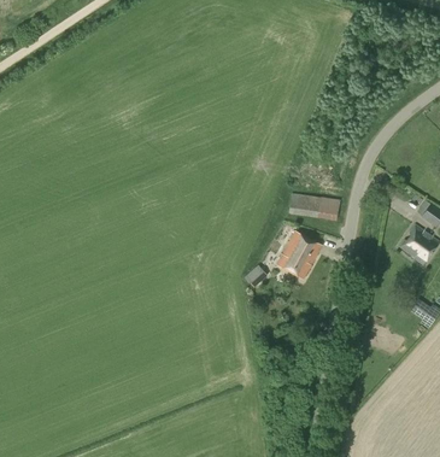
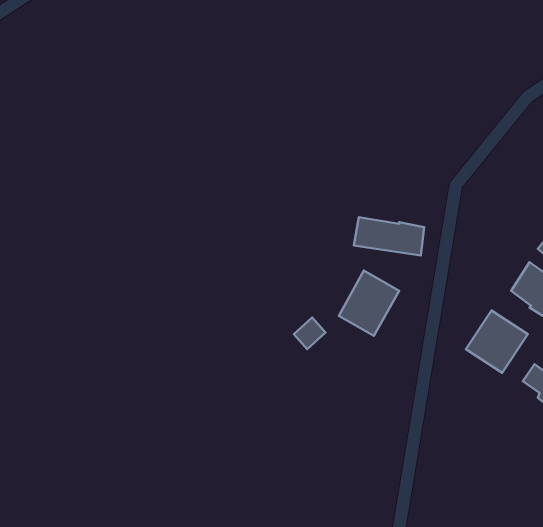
building: none -> [466,311,528,373]

